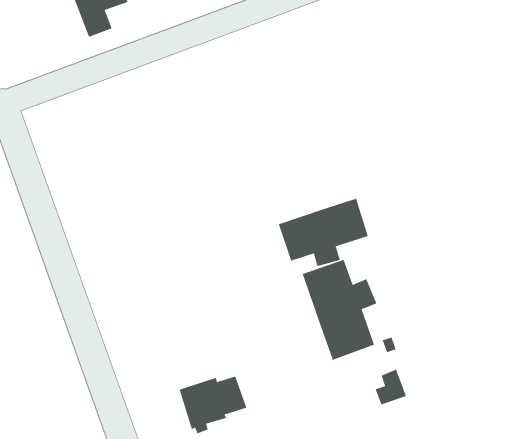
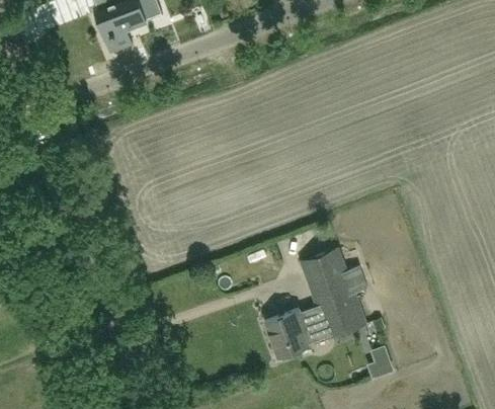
building: [278,197,368,267] -> none
building: [179,376,247,434] -> [266,308,327,359]

